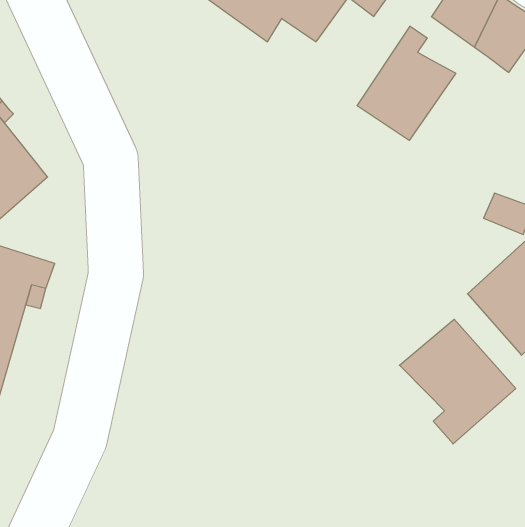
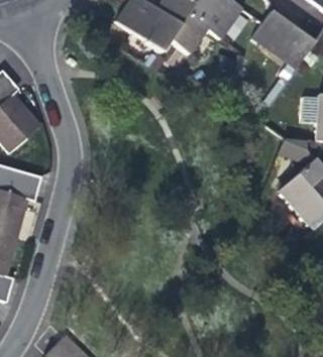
building: [357,26,456,140] -> none
building: [399,319,516,444] -> none

